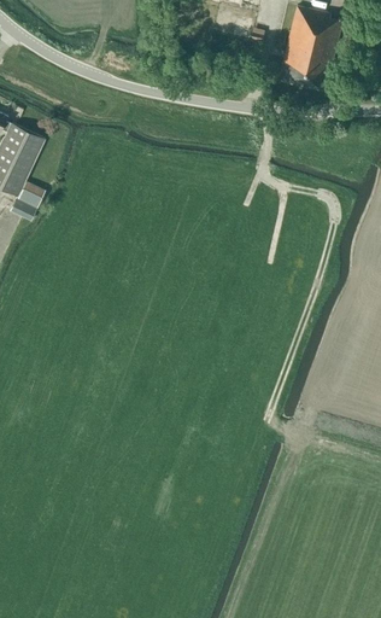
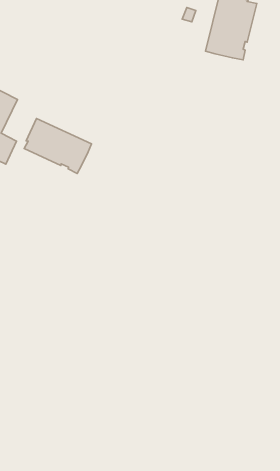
building: none -> [24,119,91,173]

